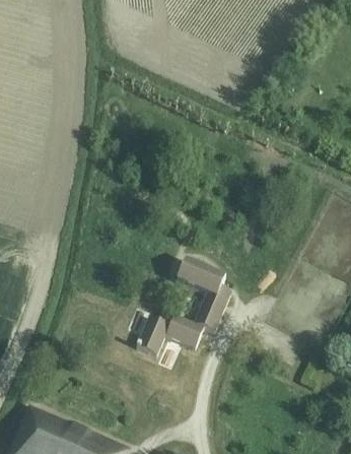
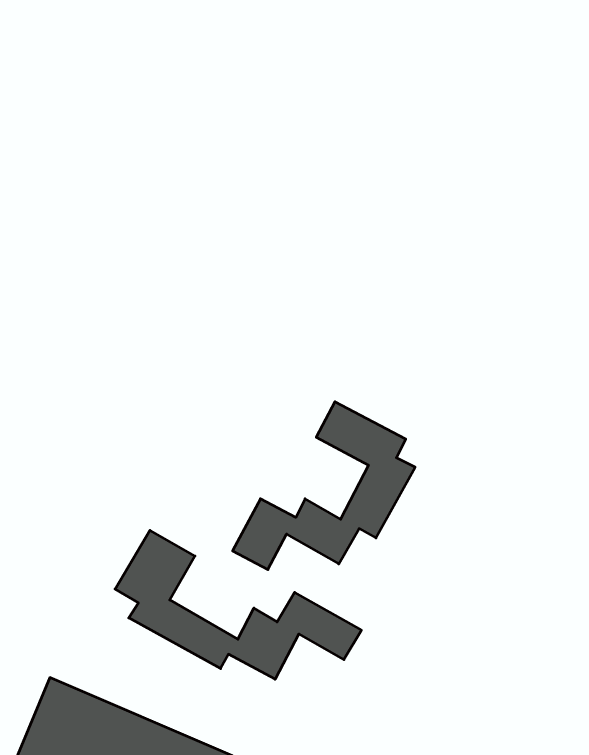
building: none -> [115,530,361,679]

